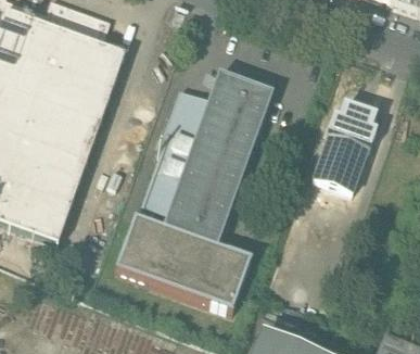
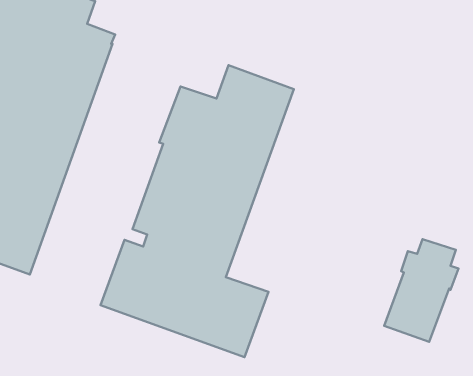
building: [315,103,376,187] -> [384,239,459,342]

